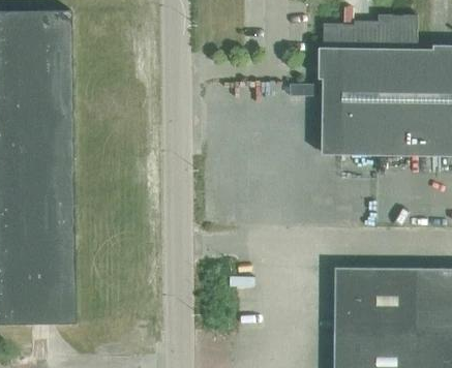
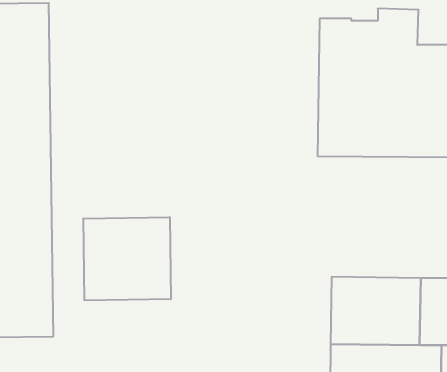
building: none -> [83,217,171,300]

